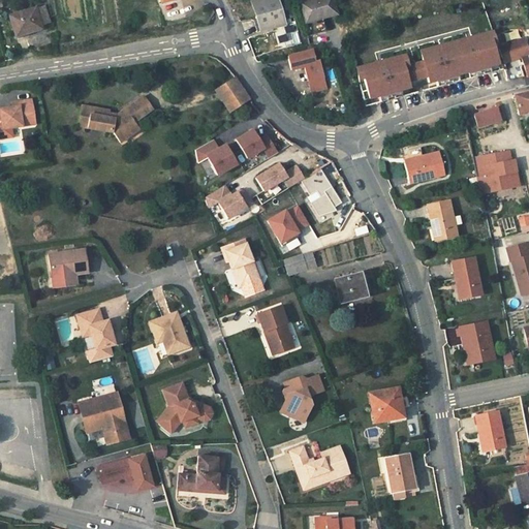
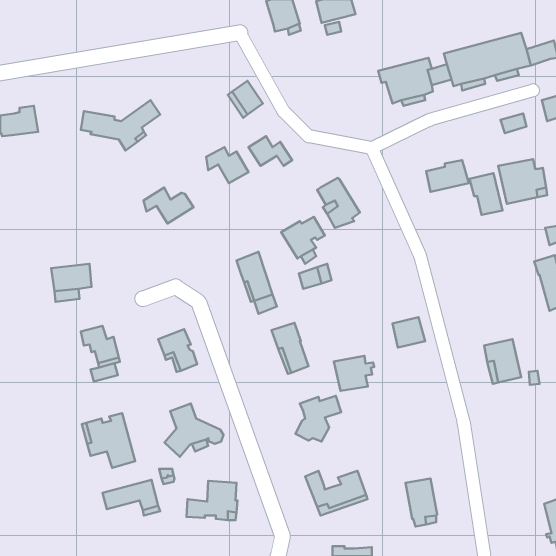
building: [9,4,51,36] -> none
building: [289,49,326,92] -> none
building: [256,162,305,190] -> none
building: [206,184,253,218] -> [143,187,194,223]
building: [427,199,458,239] -> [470,173,502,215]
building: [452,256,481,298] -> none
building: [336,273,367,302] -> [392,317,425,348]
building: [370,387,408,421] -> [334,356,374,391]
building: [475,410,505,450] -> none

